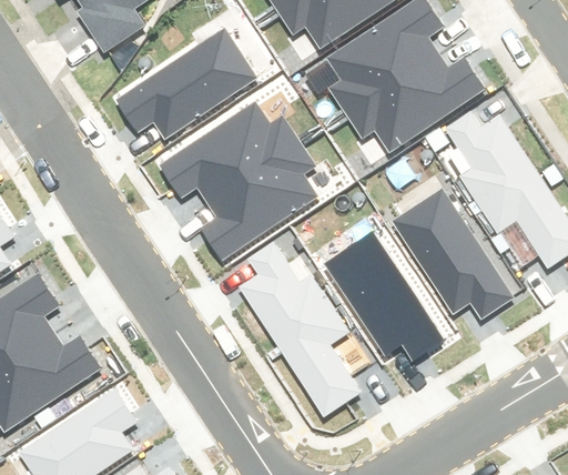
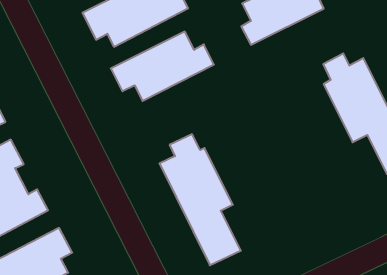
building: [345,53,484,150] -> none
building: [204,145,326,257] -> none
building: [397,190,511,315] -> none
building: [327,233,439,367] -> none

